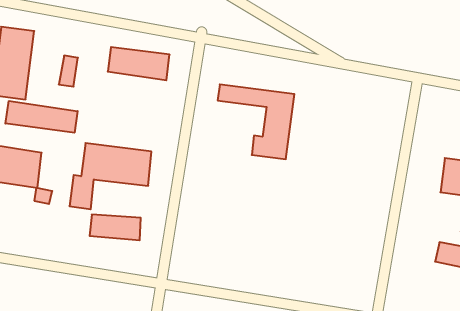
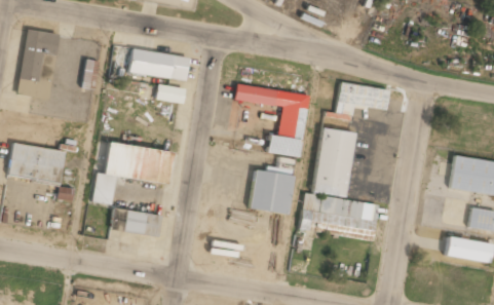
building: none -> [157,81,186,102]
building: none -> [336,81,389,115]
building: [5,101,78,133] -> none
building: none -> [300,127,379,239]
building: none -> [250,169,293,214]

